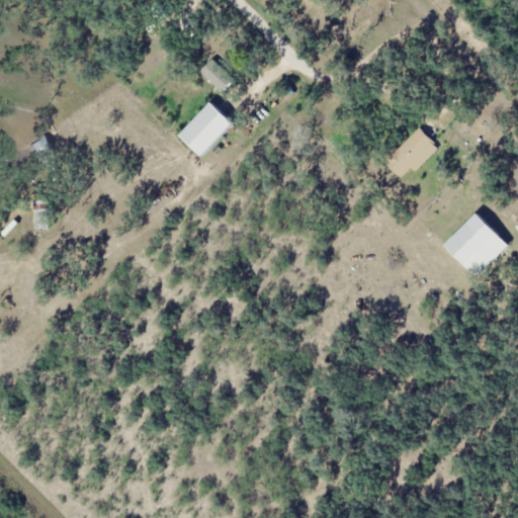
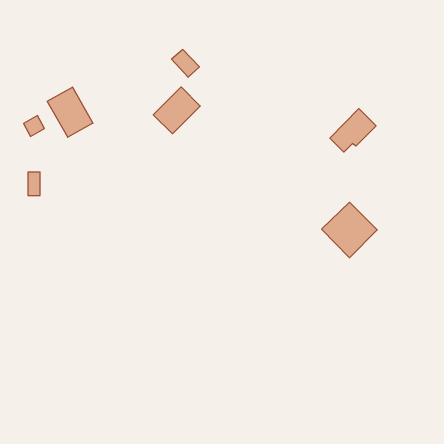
building: none -> [47,87,93,137]
building: [443,212,508,277] -> [322,202,377,258]

